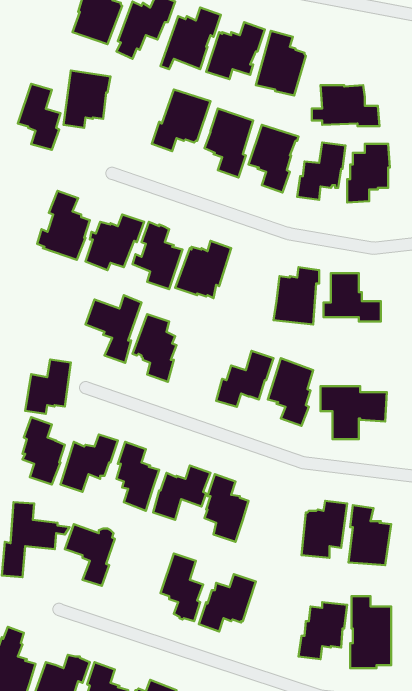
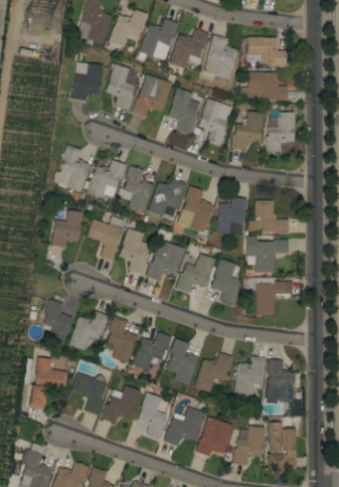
building: none -> [247,36,287,65]
building: [18,84,61,150] -> [106,64,135,110]
building: none -> [177,185,212,231]
building: none -> [246,235,289,273]
building: none -> [146,244,185,281]
building: [25,359,71,414] -> [51,209,82,247]
building: none -> [194,352,233,391]
building: none -> [102,385,141,423]
building: none -> [196,417,233,457]

